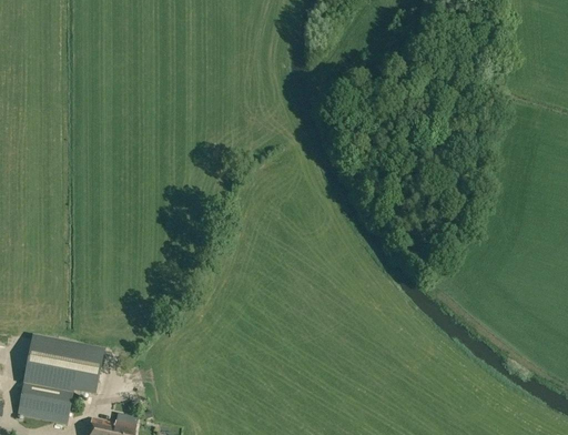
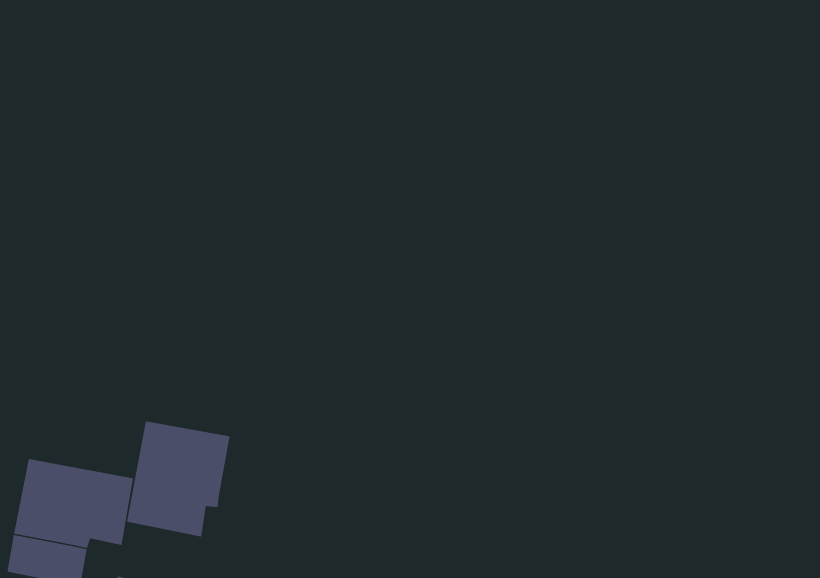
building: none -> [126,421,231,537]

